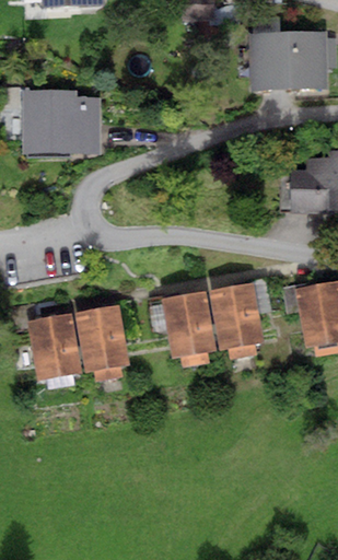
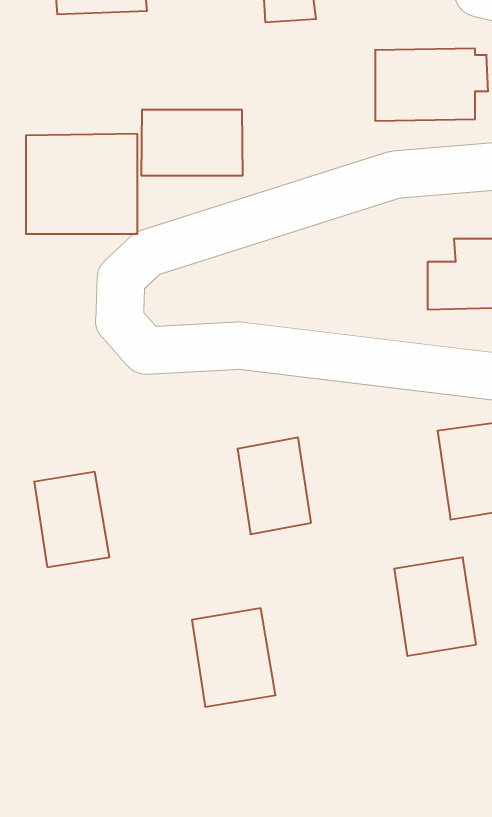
building: none -> [141,109,243,176]
building: [208,284,263,350] -> [394,557,476,656]
building: [72,306,128,372] -> [192,608,276,707]

